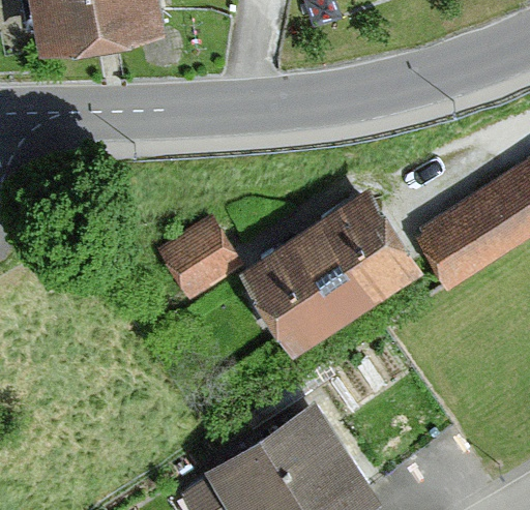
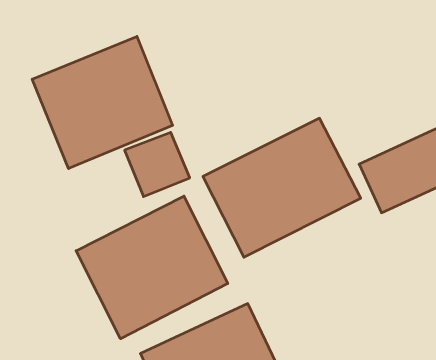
building: none -> [32,36,173,169]
building: none -> [76,196,228,339]

